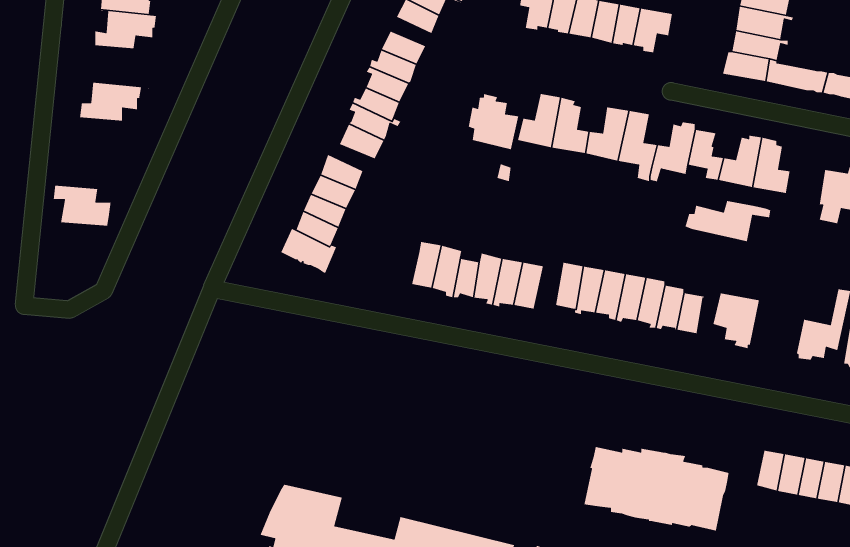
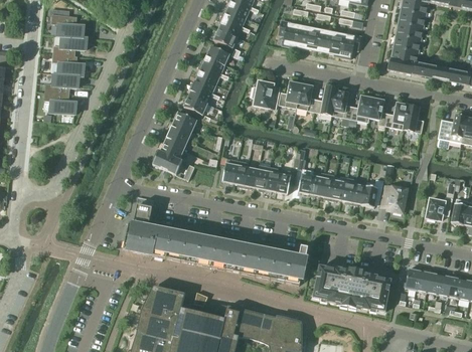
building: none -> [52,53,85,75]
building: [53,185,111,226] -> [44,92,75,114]
building: [685,200,771,242] -> none
building: none -> [123,203,307,284]

